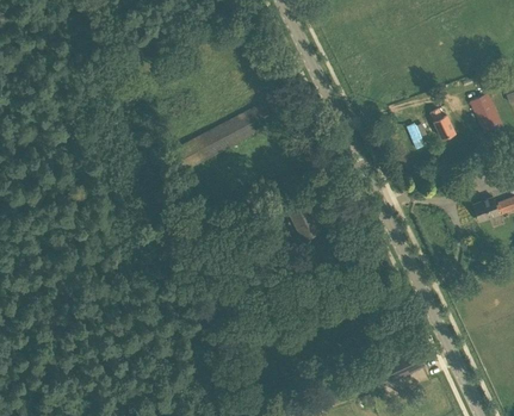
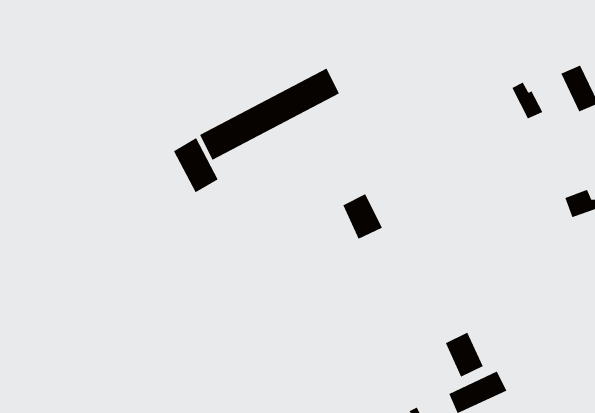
building: none -> [173,137,219,193]
building: none -> [445,332,483,378]

